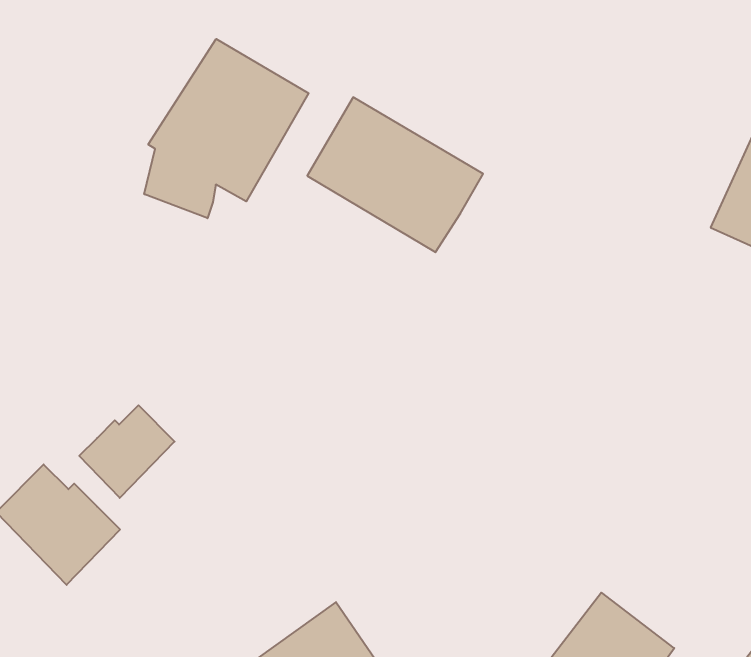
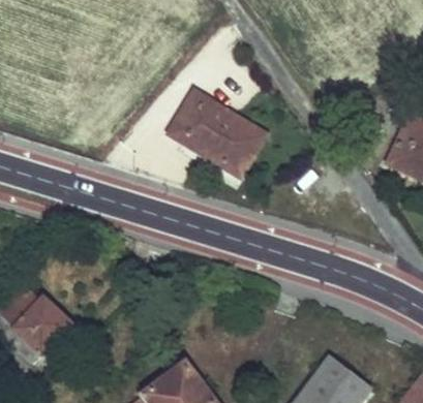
building: [144,39,309,218] -> none
building: [79,405,175,498] -> none

